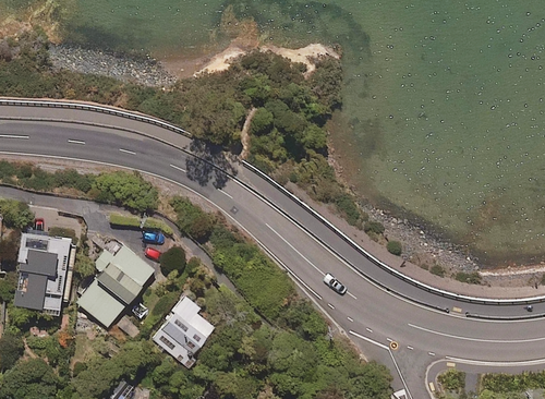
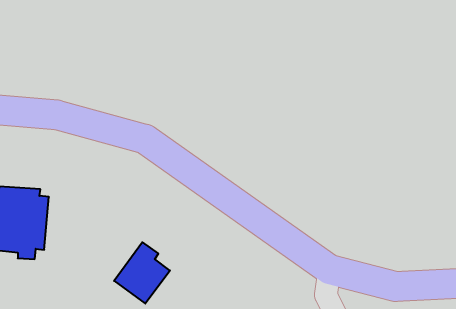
building: [76,244,156,330] -> none

